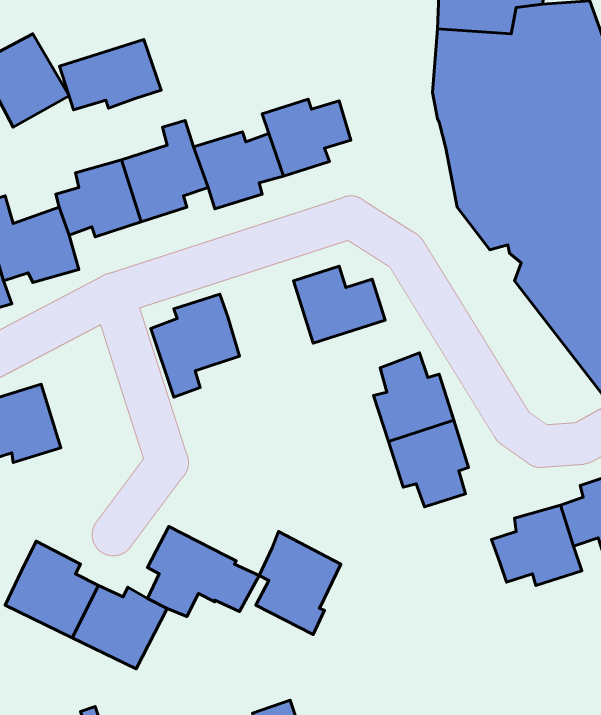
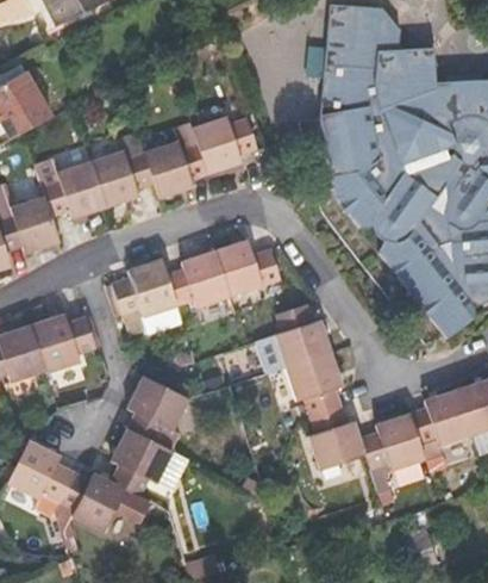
building: [59,39,161,110] -> none
building: none -> [168,250,230,308]
building: none -> [32,315,96,372]
building: none -> [307,405,365,470]
building: [256,531,341,635] -> [125,376,187,451]

